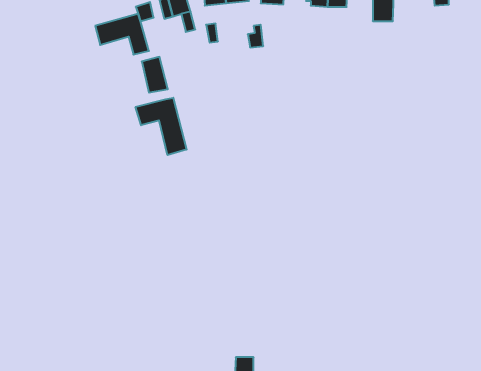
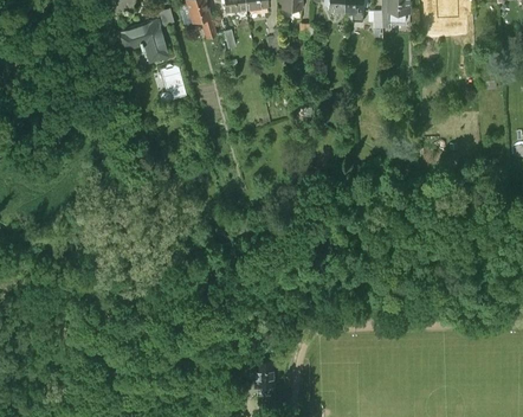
building: [136,98,187,155] -> none

